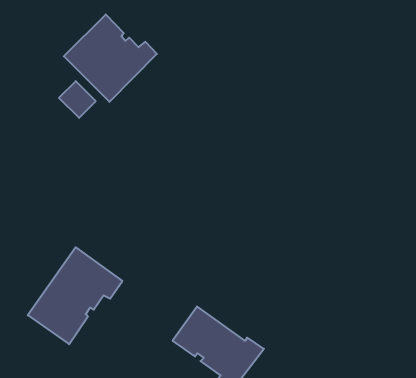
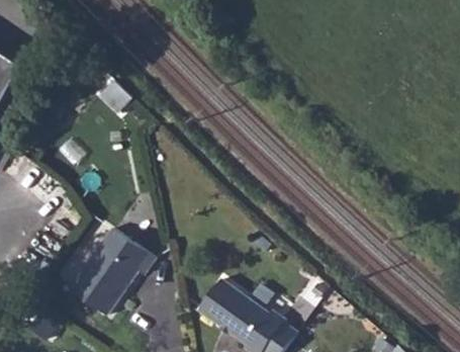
building: [64,14,157,102] -> none

